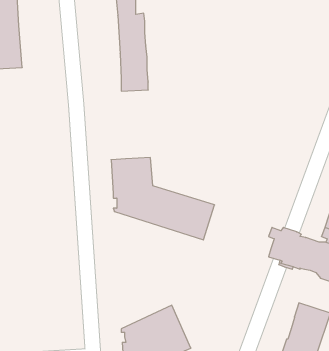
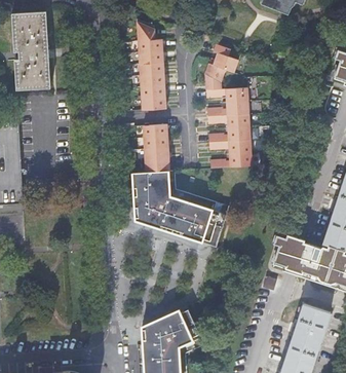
building: none -> [204,45,252,169]
building: none -> [142,125,167,173]

